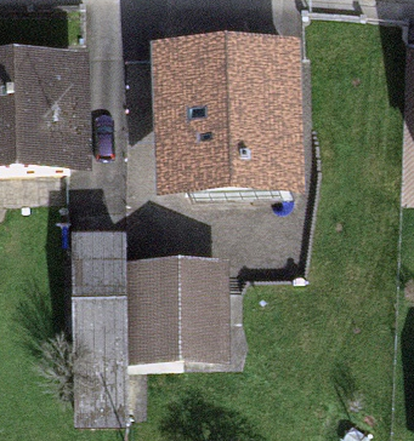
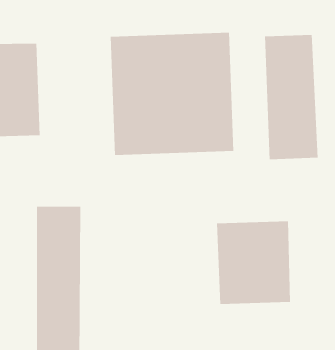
building: none -> [264,34,318,160]
building: [136,263,219,355] -> [216,221,291,305]

